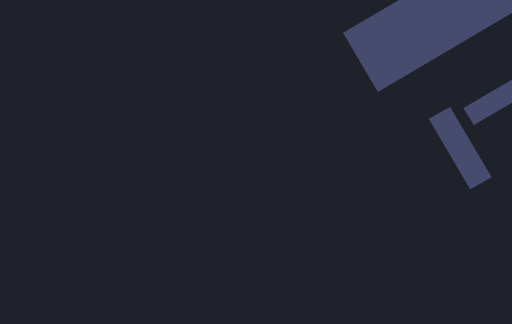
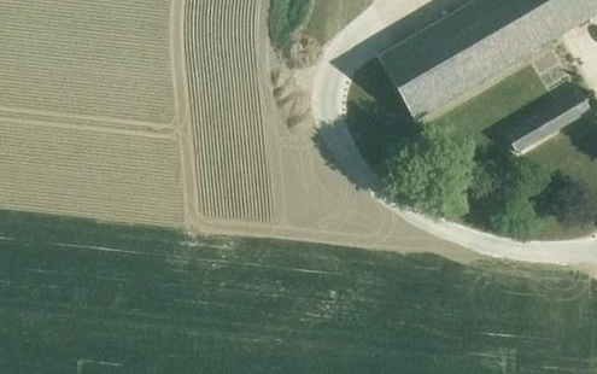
building: [428,106,493,190] -> none

